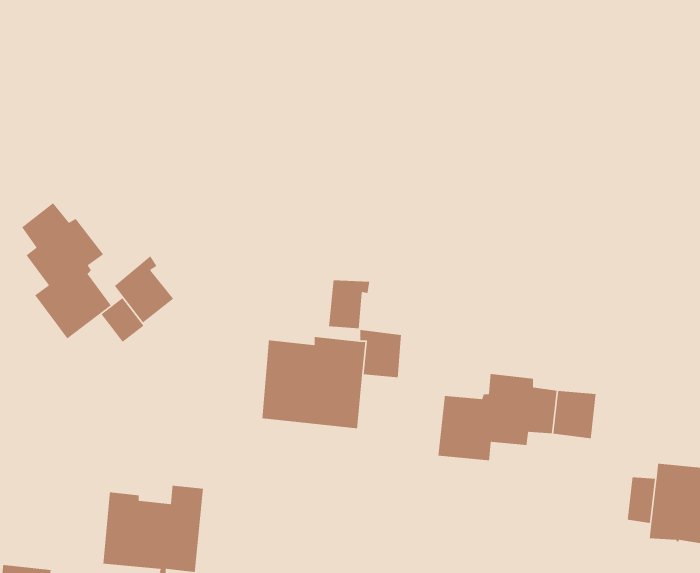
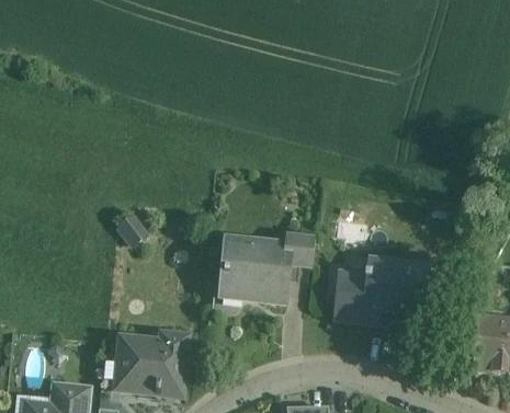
building: [21,202,112,340] -> none
building: [114,255,174,324] -> none
building: [328,280,370,329] -> none

